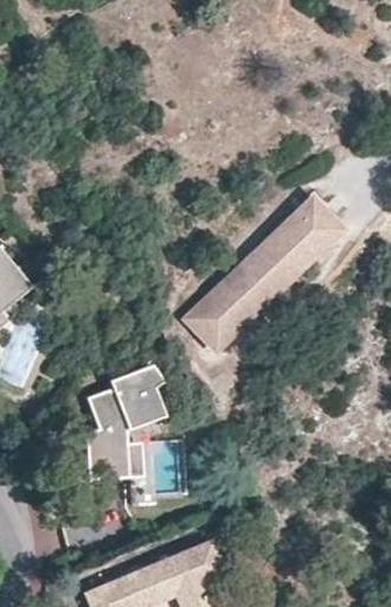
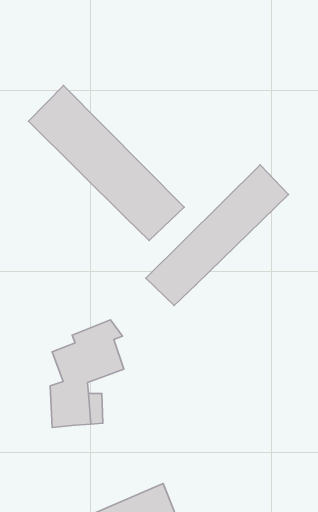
building: none -> [28,86,184,240]

